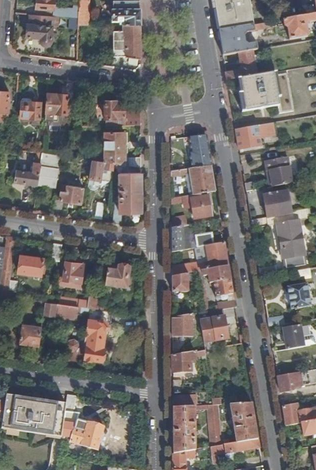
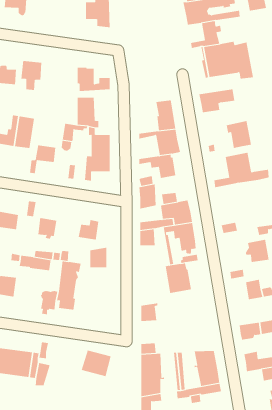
building: [277,220,306,267] -> none
building: [173,313,192,335] -> [89,247,107,268]
building: [70,418,103,447] -> [81,350,112,377]

